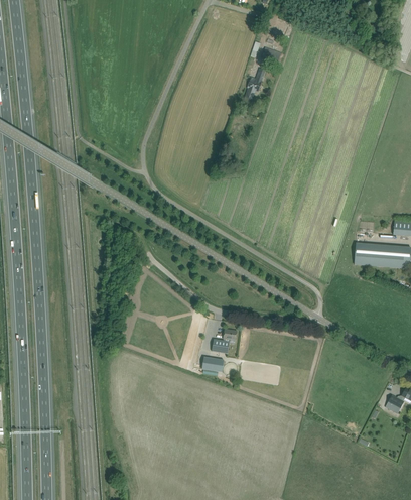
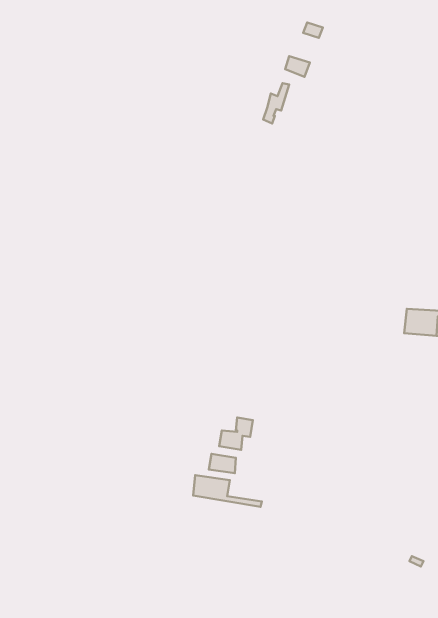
building: none -> [193,475,262,507]

